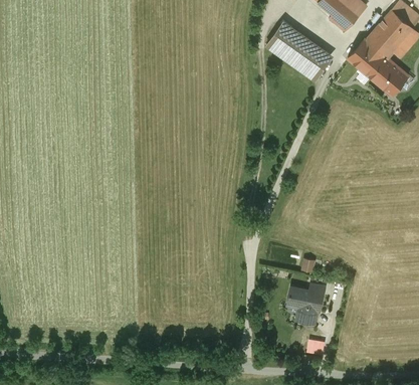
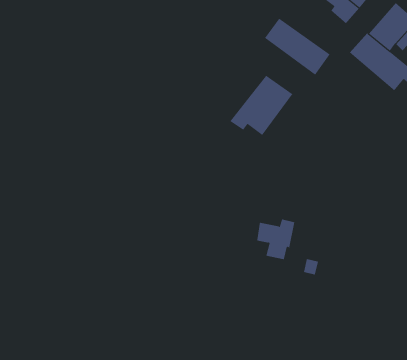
building: none -> [229,75,293,136]
building: [287,283,325,323] -> [256,219,295,260]

